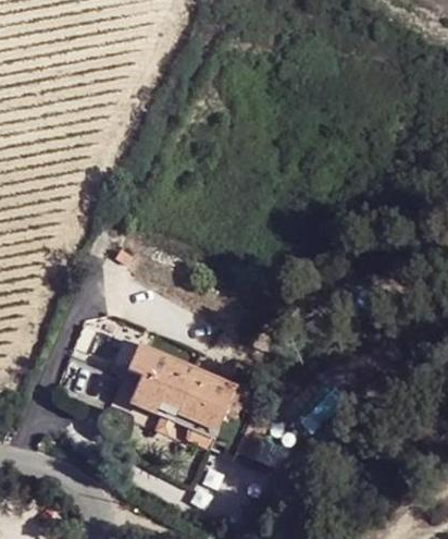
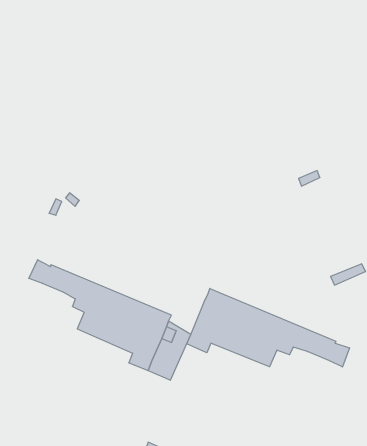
building: none -> [187,288,349,367]

